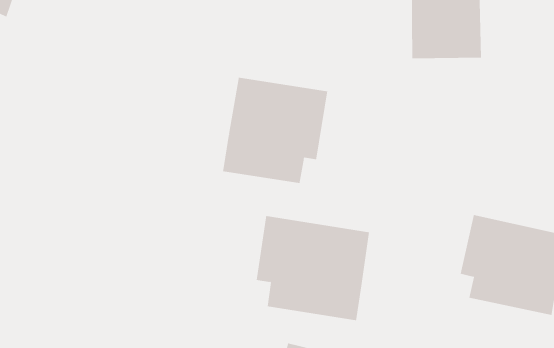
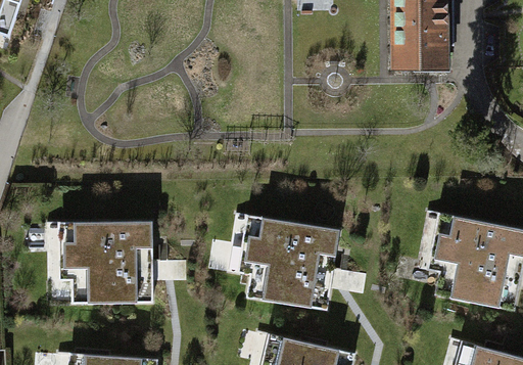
building: [223,77,328,184] -> none
building: none -> [57,221,156,309]

